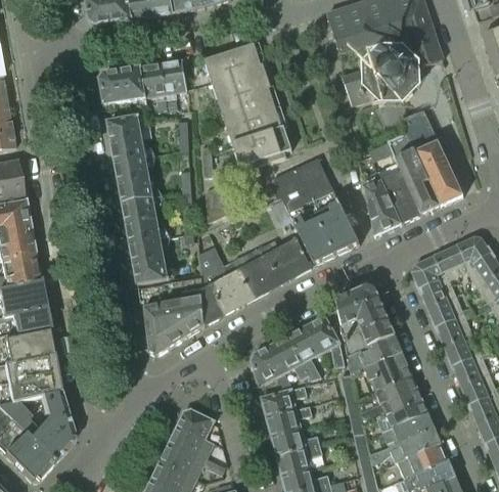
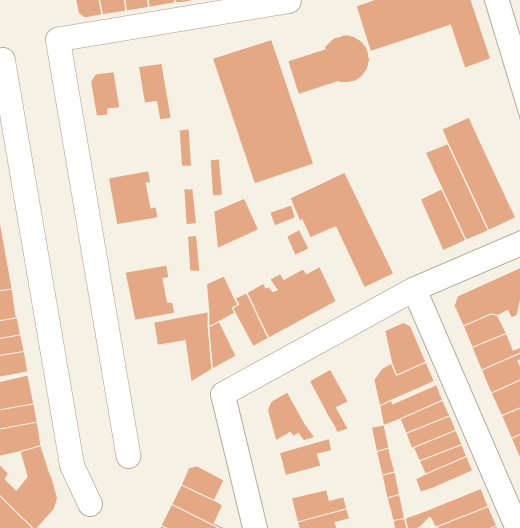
building: [342,53,412,104] -> [287,35,370,95]
building: [161,60,186,110] -> none
building: [120,66,146,104] -> none
building: [107,116,149,162] -> none
building: [364,170,401,236] -> none
building: [122,195,165,242] -> none
building: [287,204,333,265] -> none
building: [210,277,238,314] -> none
building: [137,285,185,355] -> none
building: [334,293,357,334] -> none
building: [305,315,344,367] -> none
building: [268,336,308,378] -> none
building: [266,405,311,436] -> none
building: [381,412,434,446] -> none

